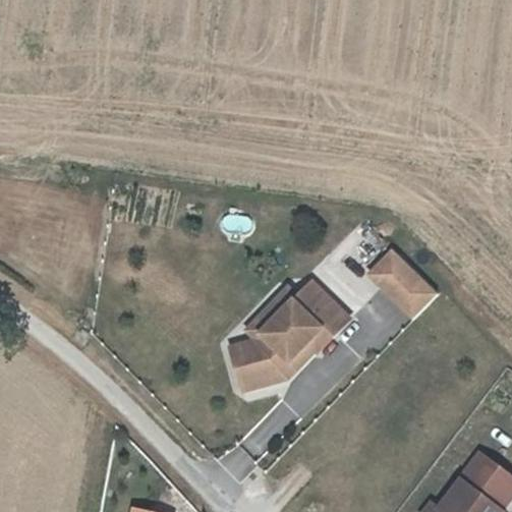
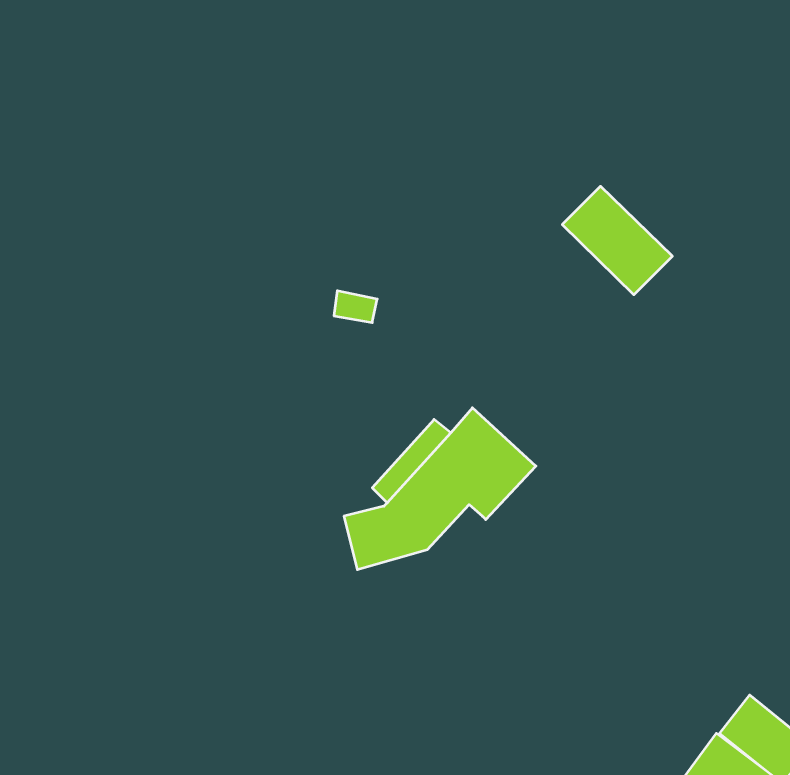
building: [369,250,437,317] -> [562,186,672,295]
building: [240,342,317,392] -> none

